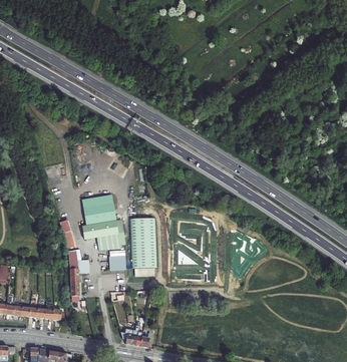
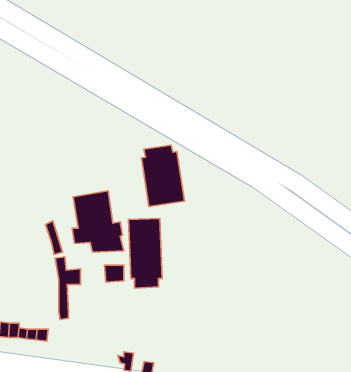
building: none -> [141,145,184,207]

